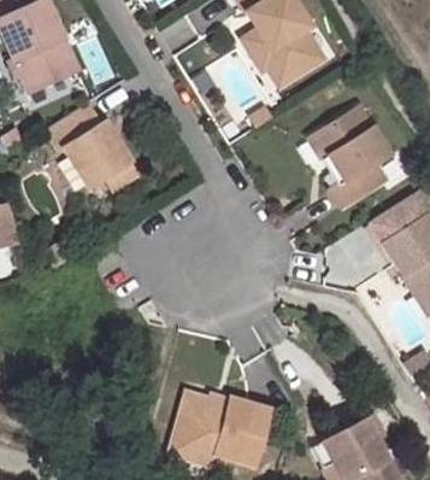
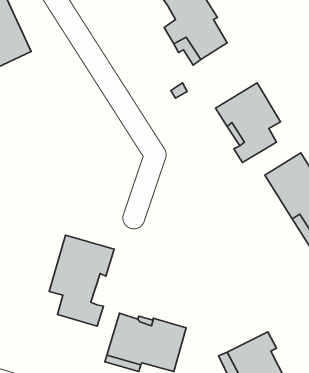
building: [46,103,137,189] -> none
building: none -> [49,235,114,326]

